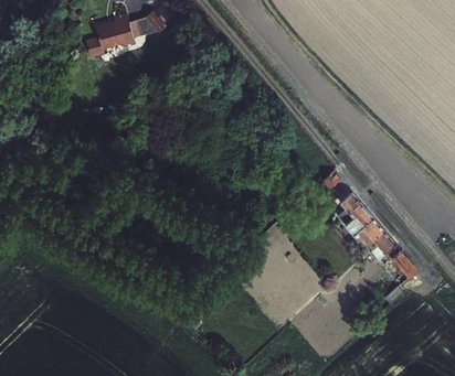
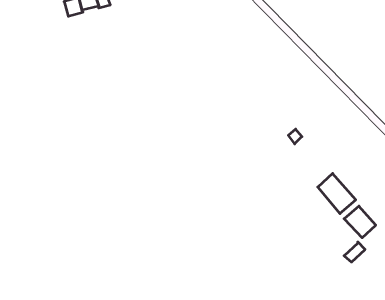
building: [338,192,372,234] -> none

